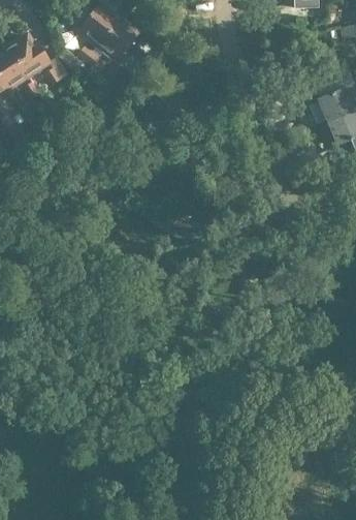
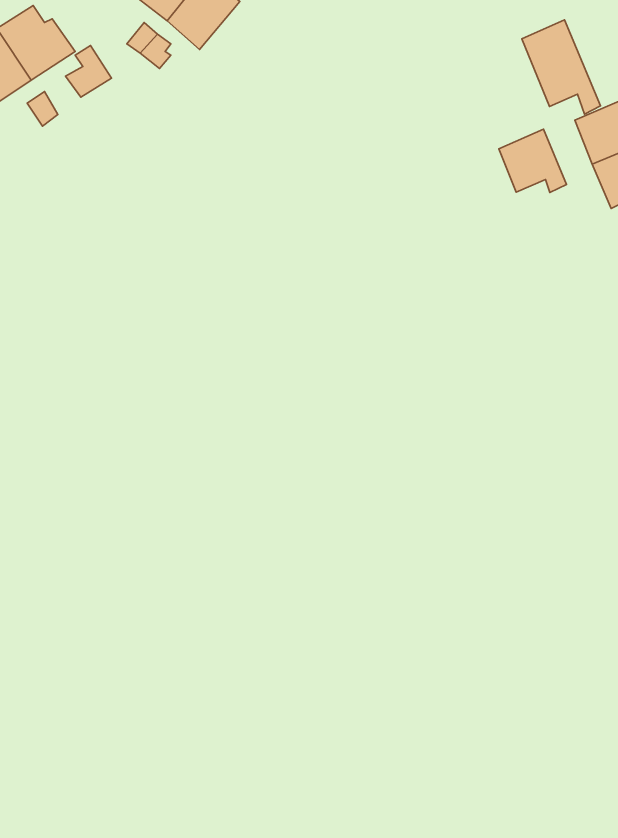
building: none -> [522,20,600,114]
building: none -> [499,129,567,193]

